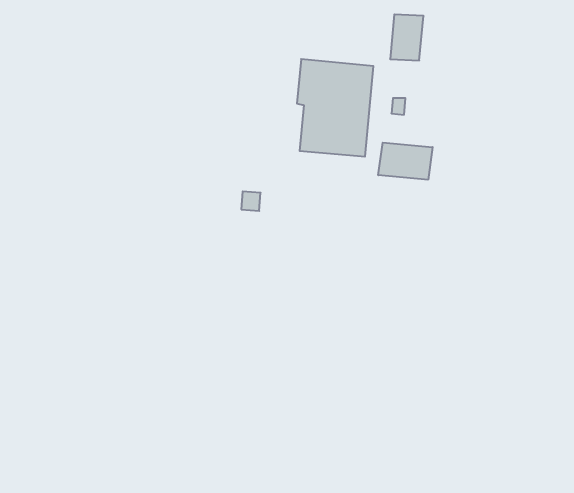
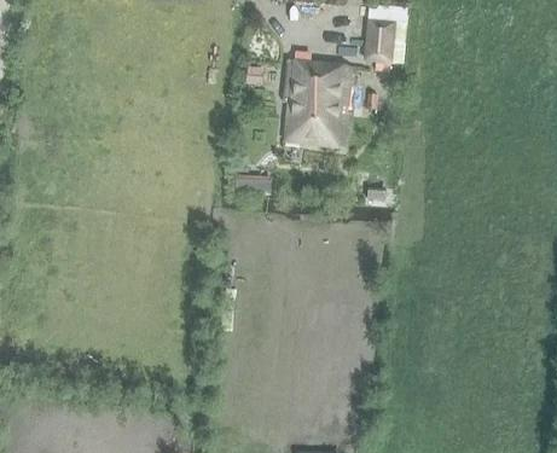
building: [378,143,433,180] -> none

